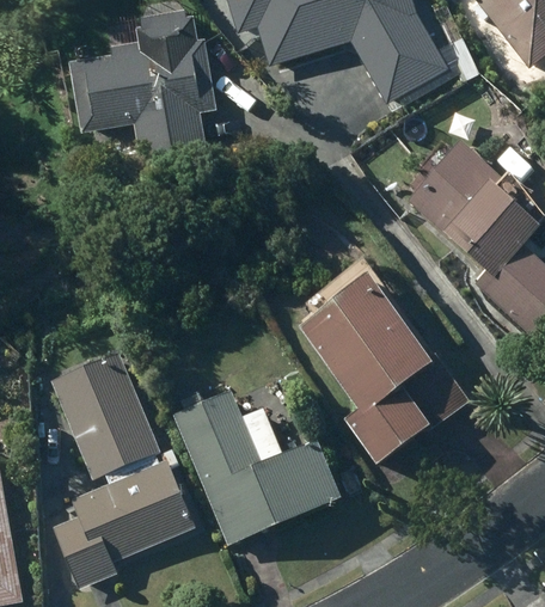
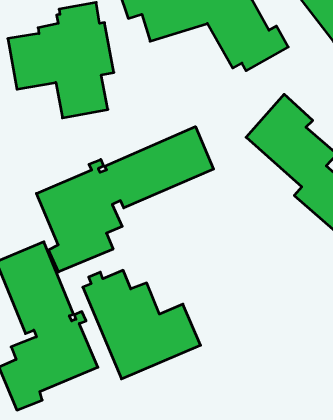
building: none -> [36,127,214,272]
building: [294,274,466,464] -> none

